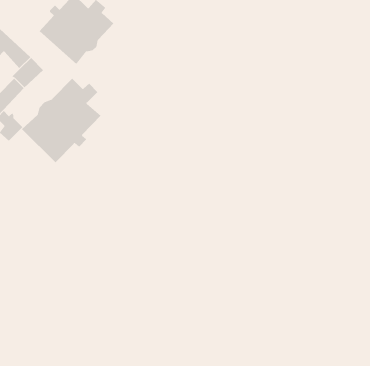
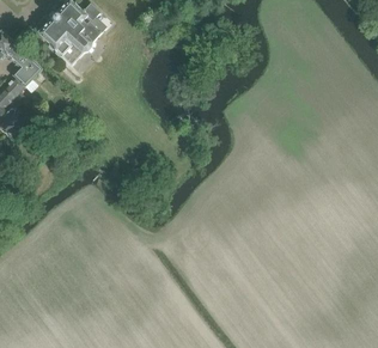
building: [21,78,102,163] -> none

